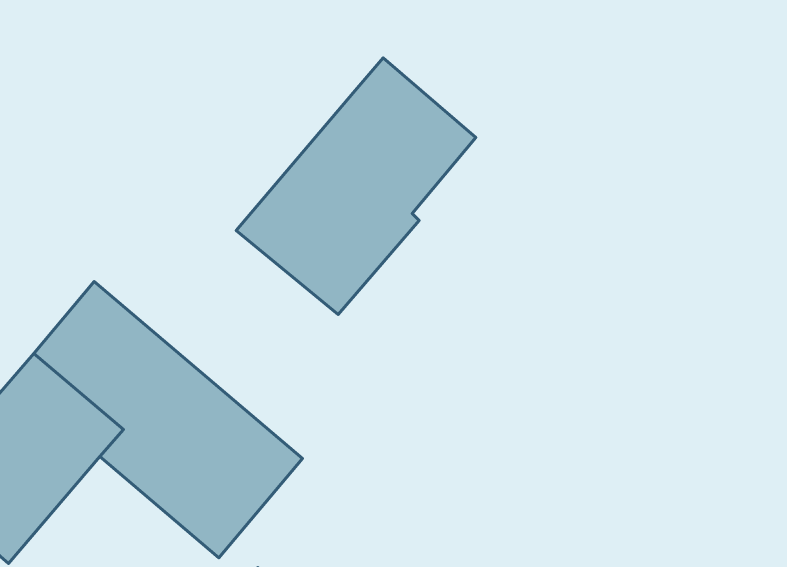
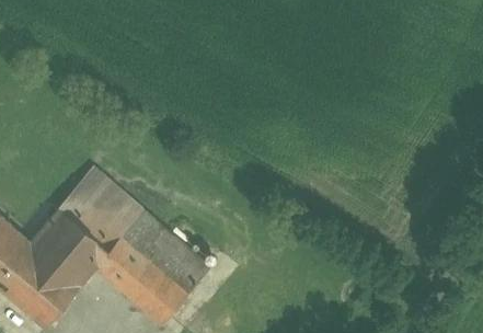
building: [236,58,476,314] -> none

